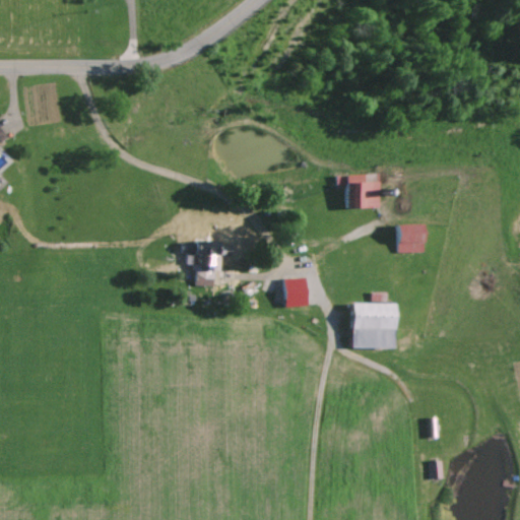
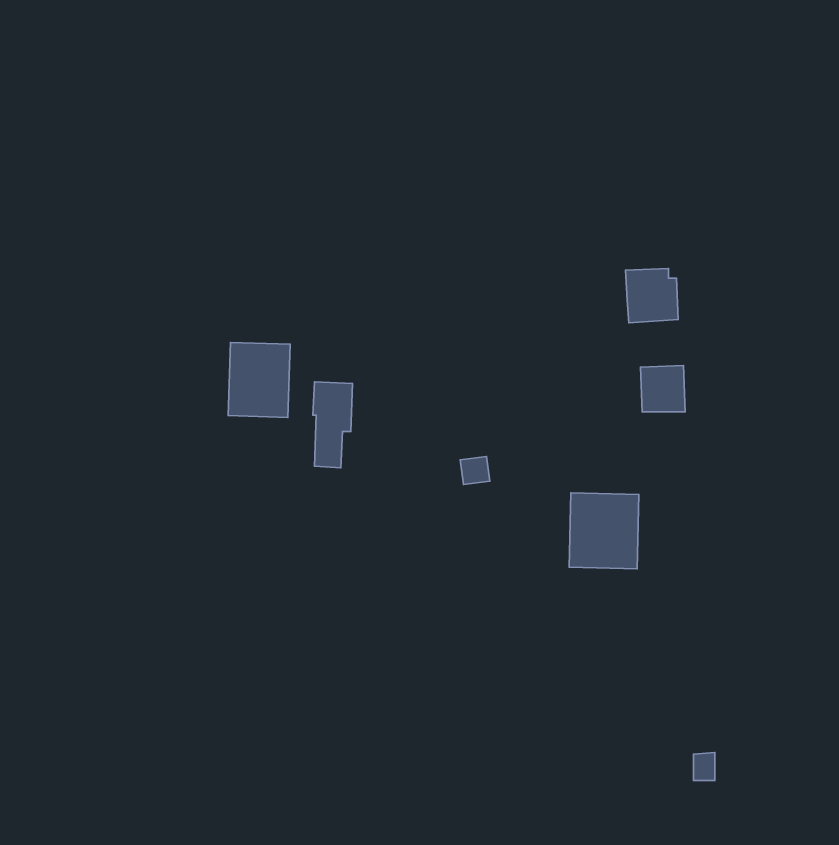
building: [347,175,380,208] -> [625,268,678,323]
building: none -> [228,342,290,417]

